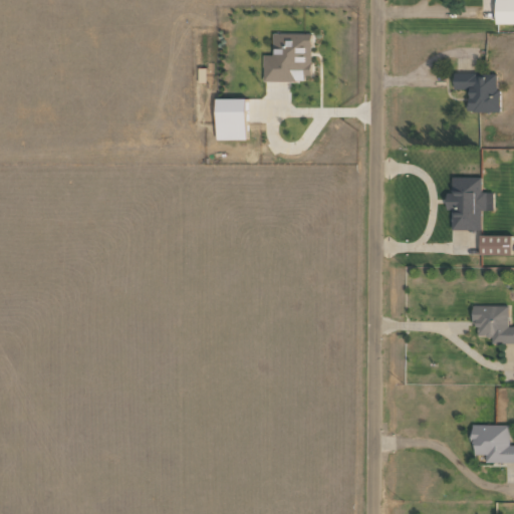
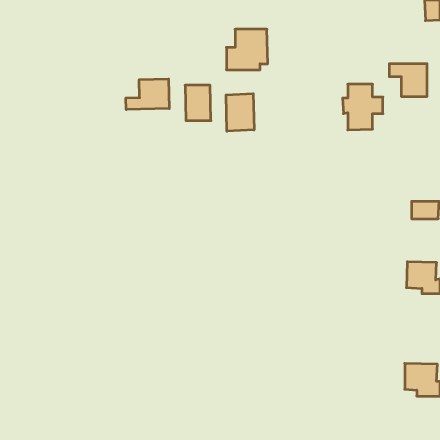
building: none -> [126,79,169,110]
building: none -> [226,94,254,131]
building: [446,177,493,230] -> [343,84,383,130]

